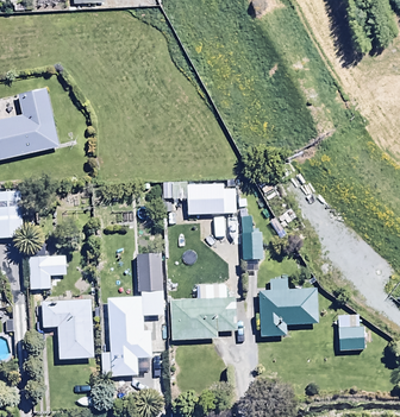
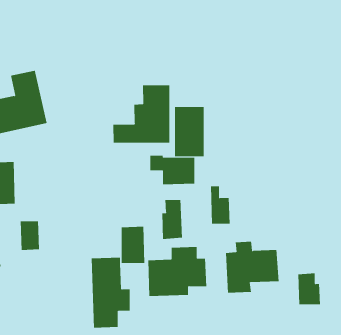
building: none -> [113,84,170,144]
building: none -> [174,106,204,157]
building: none -> [162,199,182,240]
building: [40,299,93,360] -> none

